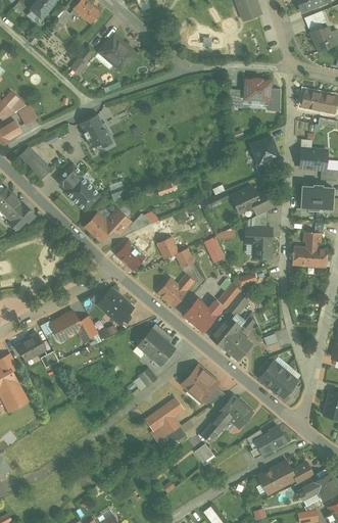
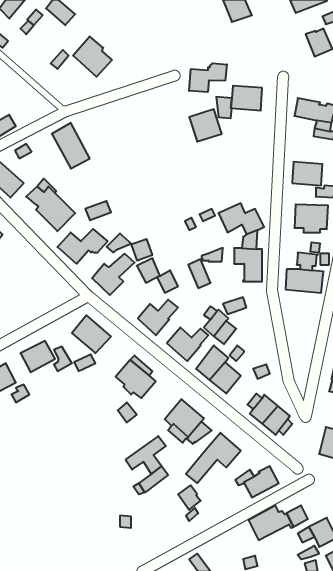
building: none -> [189,63,227,92]
building: [248,139,278,169] -> [189,109,222,142]

